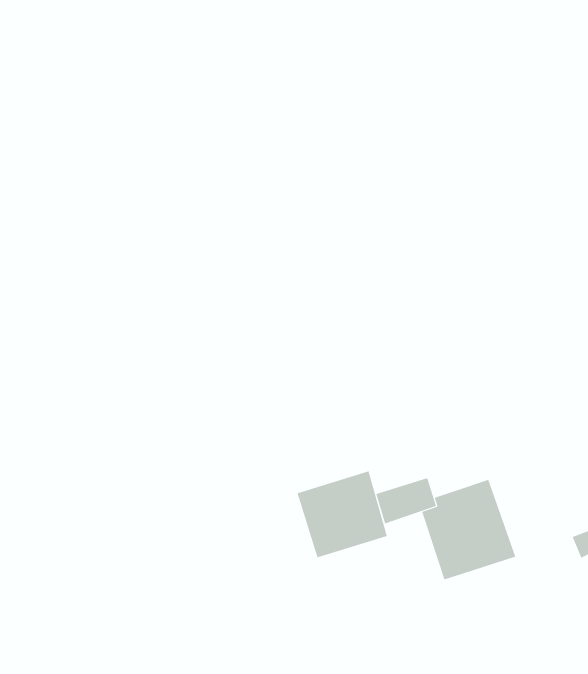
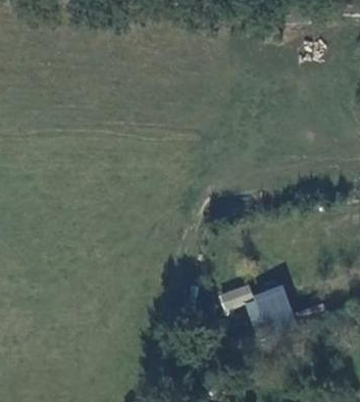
building: [297,470,388,558] -> none

